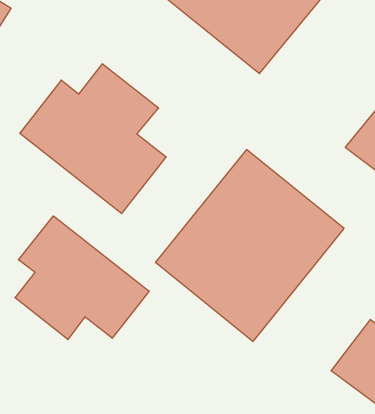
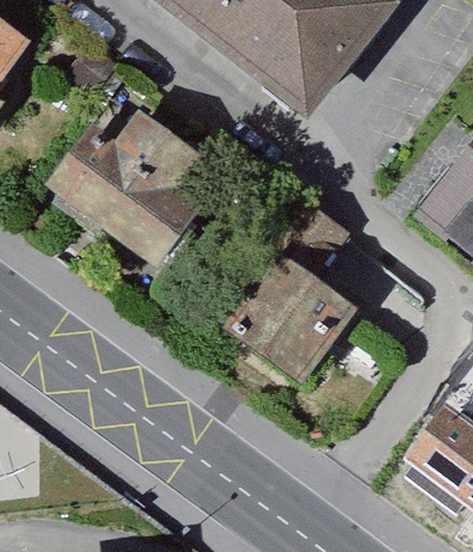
building: [15,216,149,340] -> none

